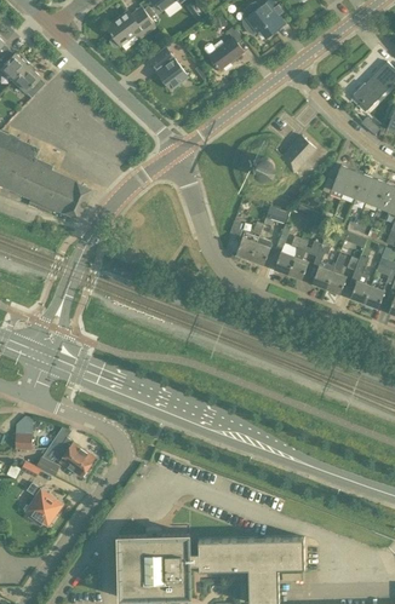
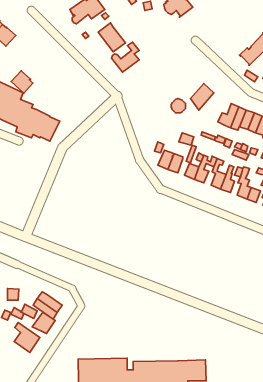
building: [202,25,242,69] -> [112,42,139,72]
building: [12,64,44,97] -> [11,71,33,93]
building: none -> [32,312,55,334]

